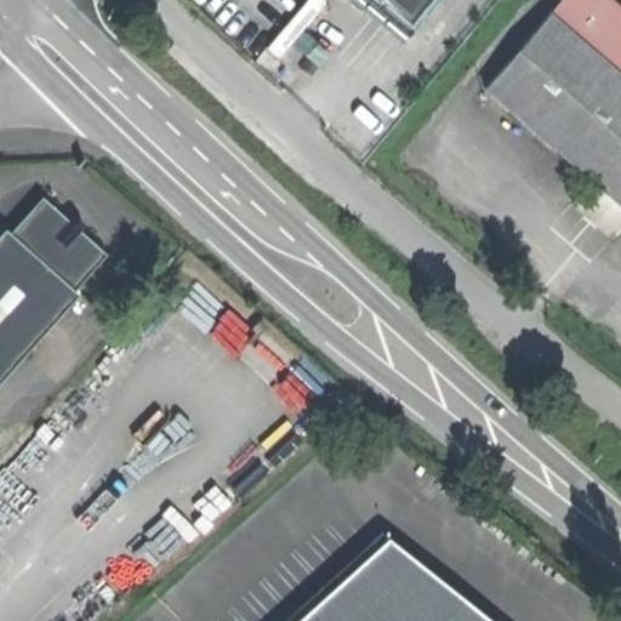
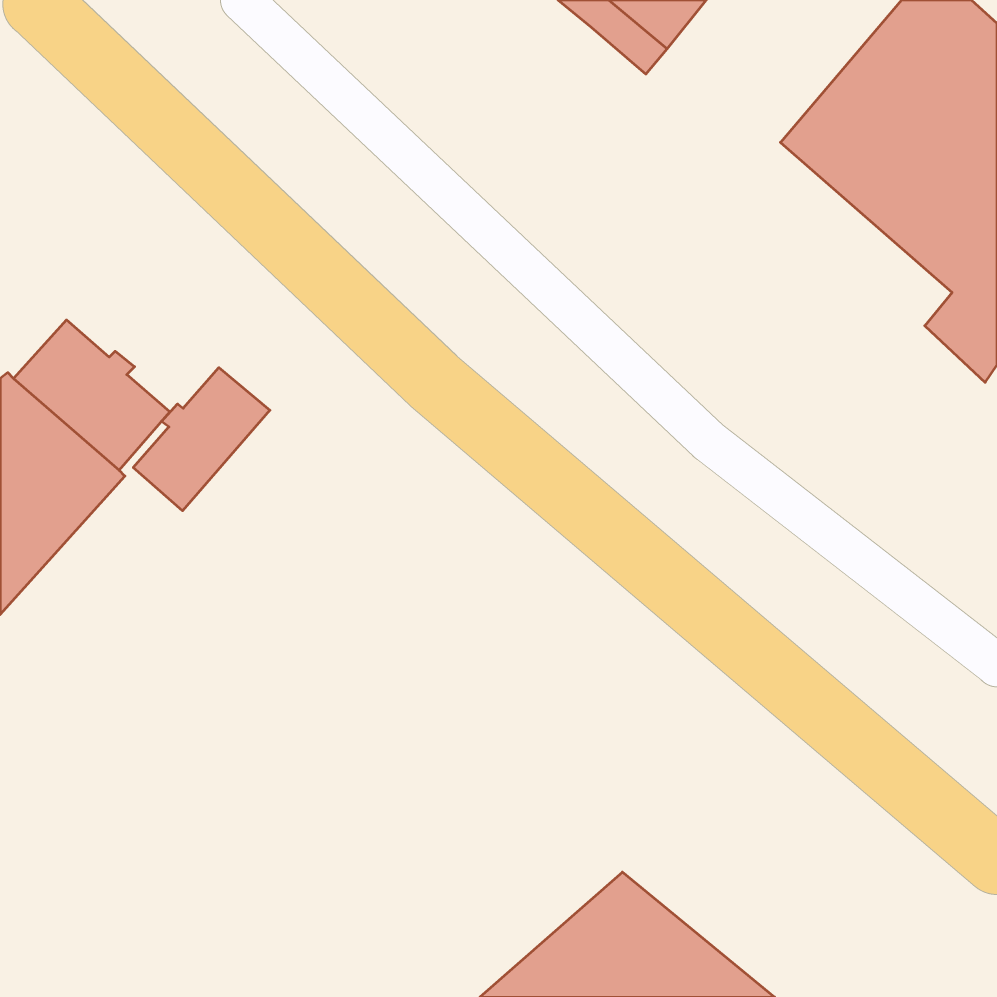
building: none -> [133,368,270,511]

